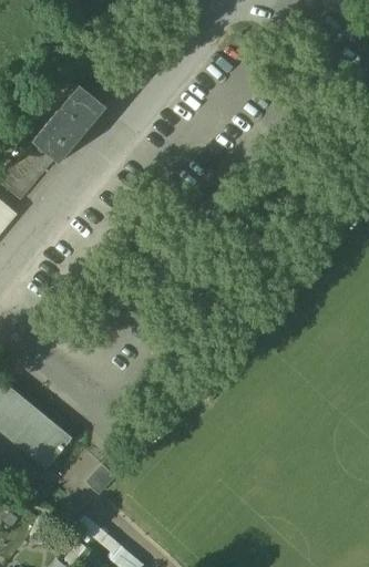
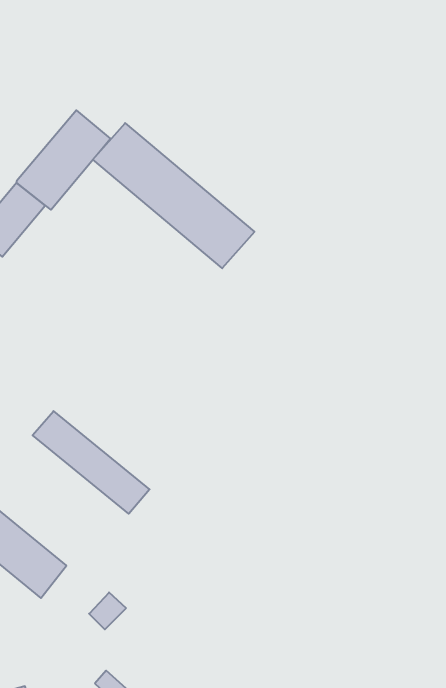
building: none -> [93,123,254,268]
building: none -> [33,411,150,514]

